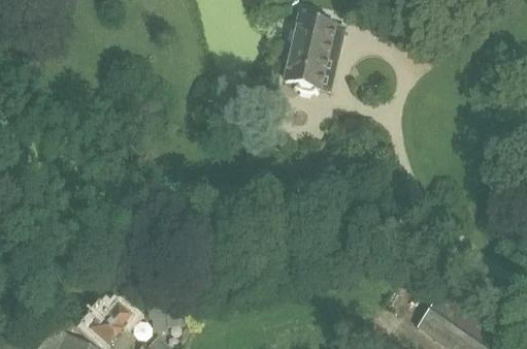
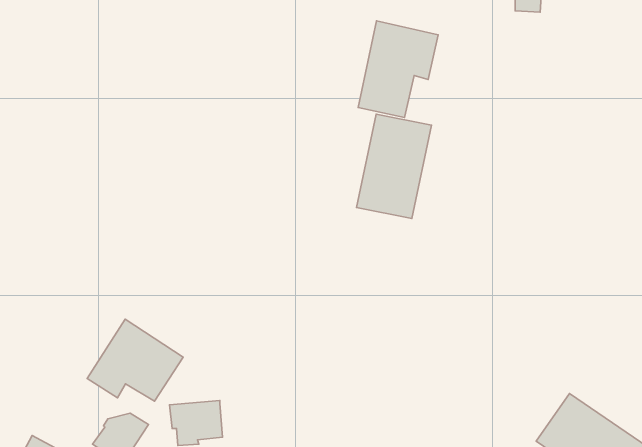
building: none -> [356,114,432,219]
building: none -> [87,319,183,401]

